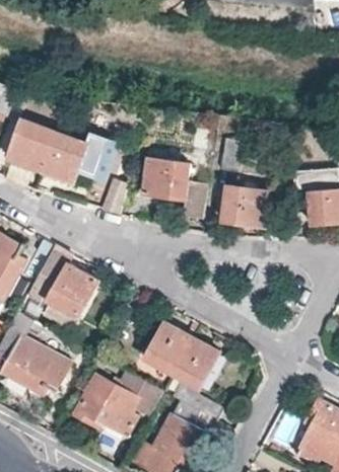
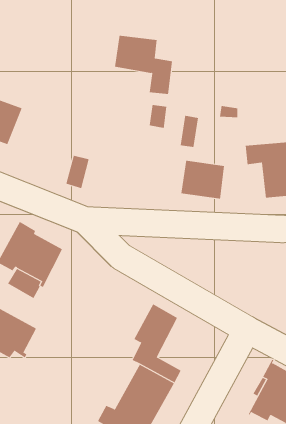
building: [40,130,119,182] -> none
building: [143,158,205,221] -> [114,35,173,95]
building: [142,321,193,374] -> none
building: [74,375,162,439] -> none

